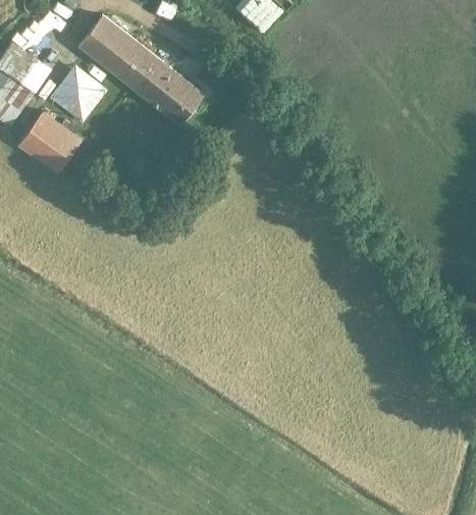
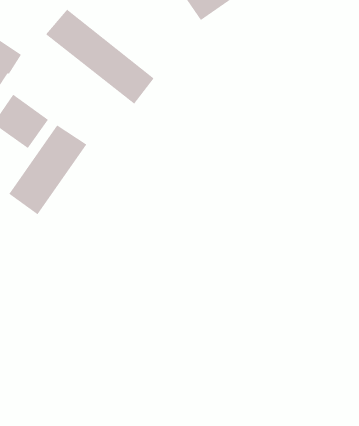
building: [50,65,107,122] -> none
building: none -> [9,124,87,215]

